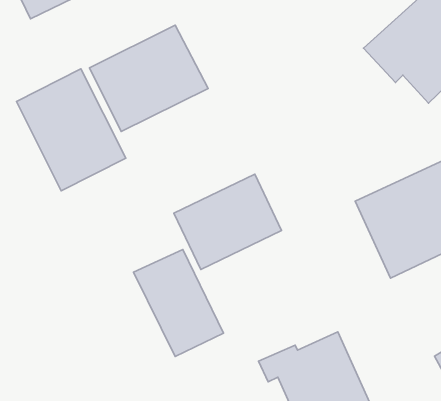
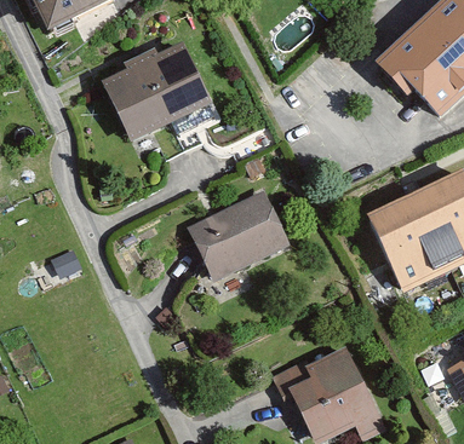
building: [17,69,126,191] -> none
building: [134,249,223,357] -> none

